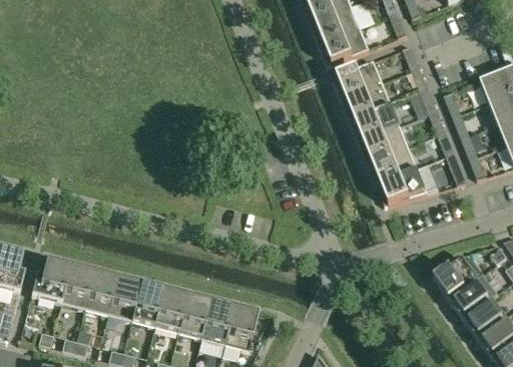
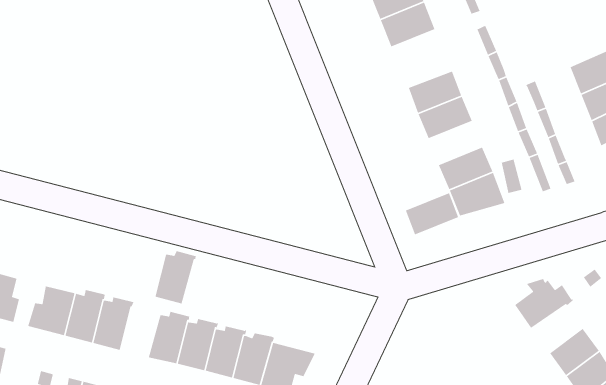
building: [337,60,383,97] -> none
building: [363,125,408,161] -> [405,192,459,236]
building: [107,277,142,322] -> [154,250,197,305]
building: [448,278,491,318] -> none

